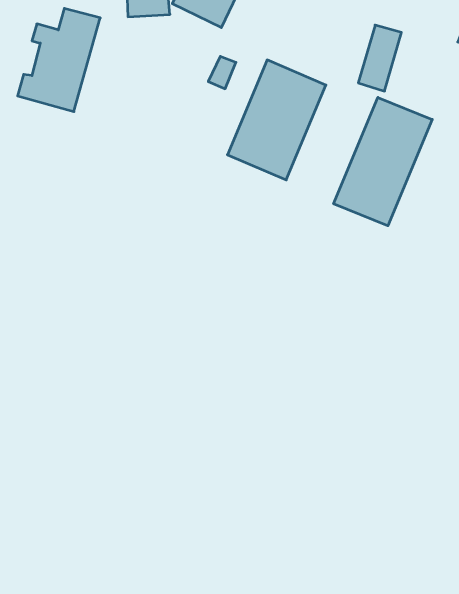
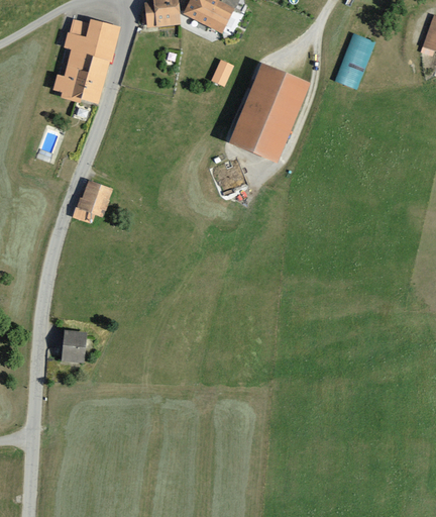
building: [334,97,432,226] -> none
building: none -> [75,179,113,222]
building: none -> [62,328,86,361]

